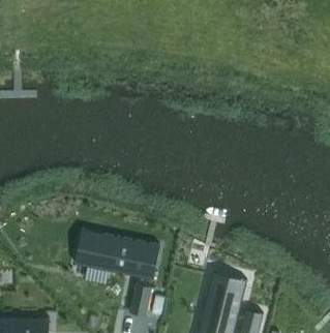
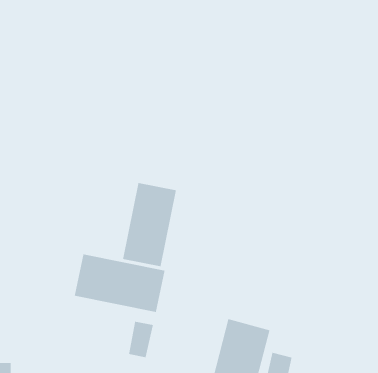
building: none -> [122,182,177,267]

